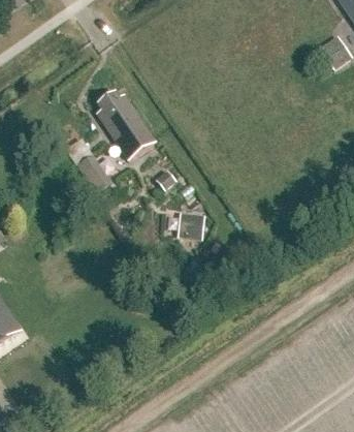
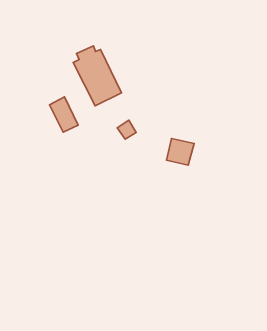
building: [178,212,205,239] -> [167,139,194,165]

